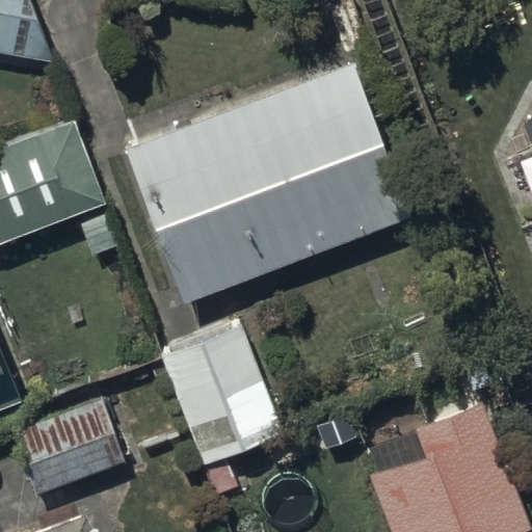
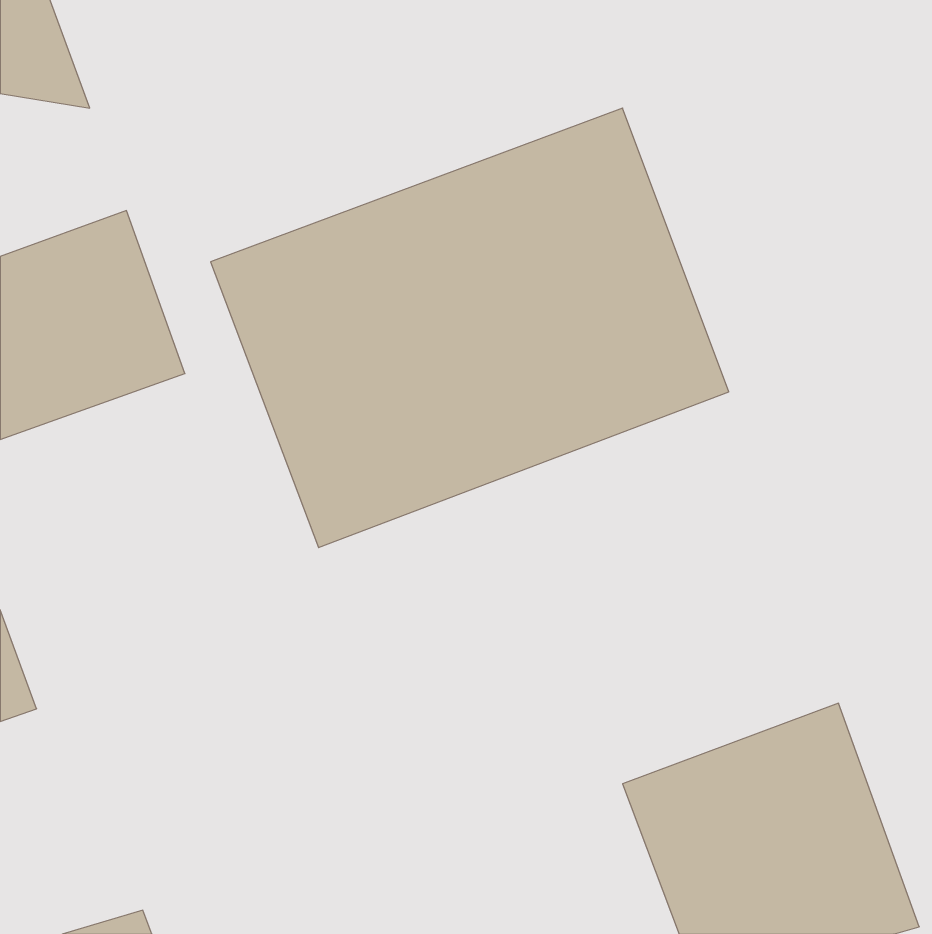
building: [158,325,282,463] -> none
building: [11,396,127,495] -> none

